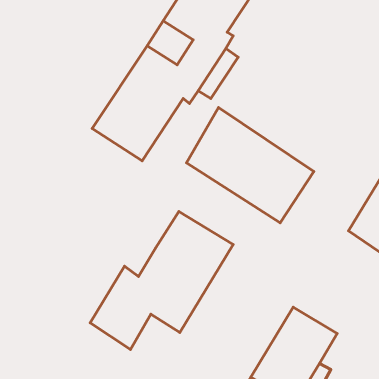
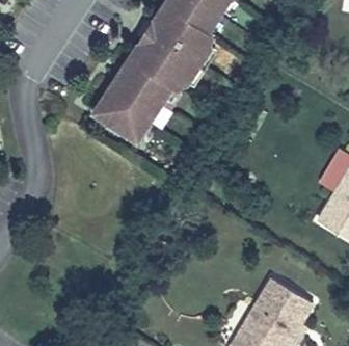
building: [187,107,314,223] -> none
building: [90,211,233,349] -> none

